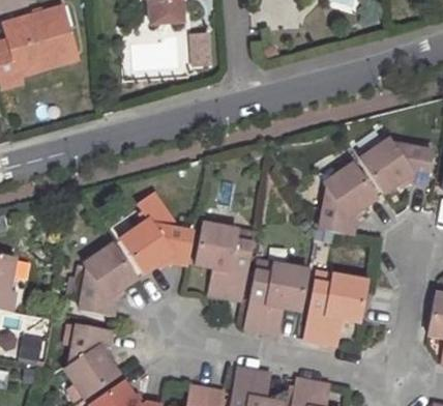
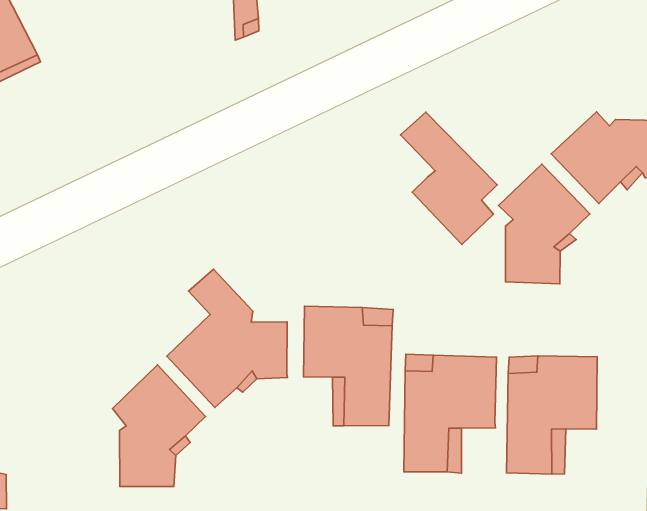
building: none -> [401,112,497,244]

